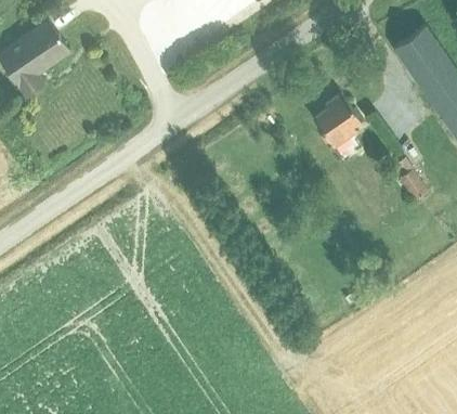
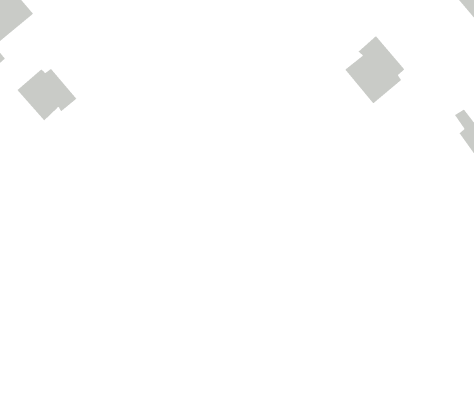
building: none -> [17,68,77,121]

